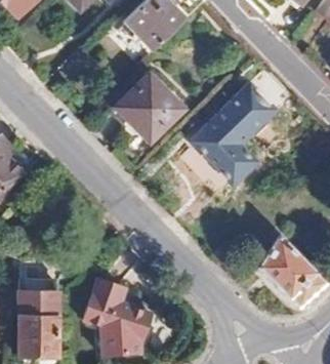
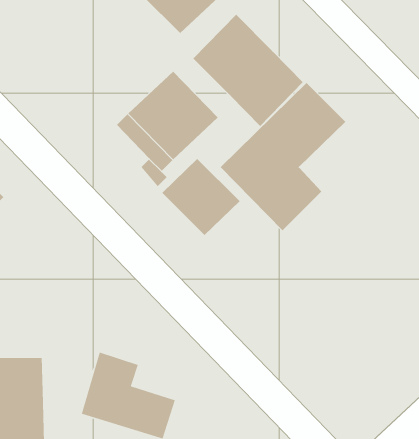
building: none -> [193,14,304,127]
building: none -> [162,158,240,236]
building: [260,236,322,304] -> none

